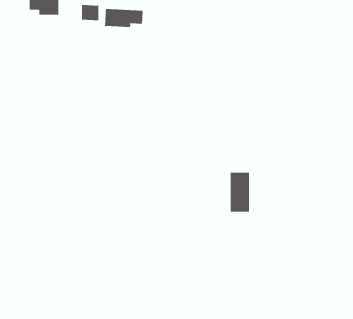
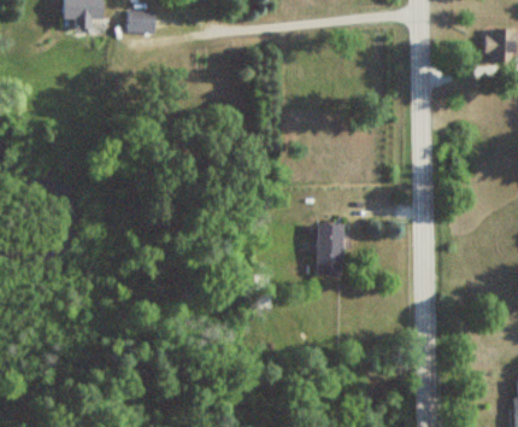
building: [105,8,143,28] -> none

